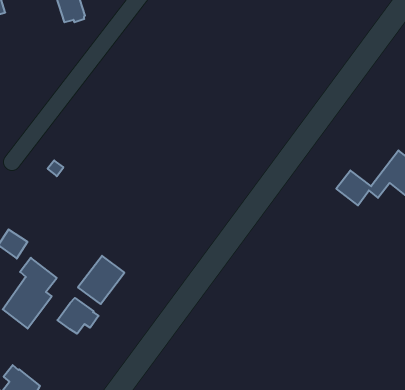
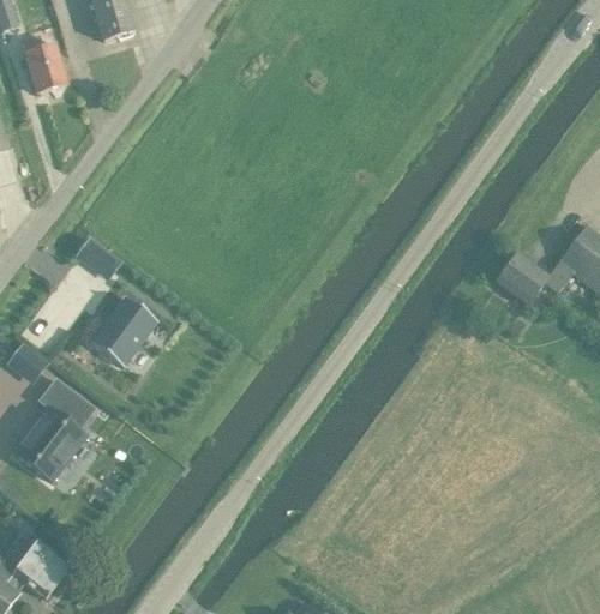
building: none -> [22,36,66,92]
building: [78,256,124,304] -> [90,296,157,366]
building: [57,298,99,334] -> none

